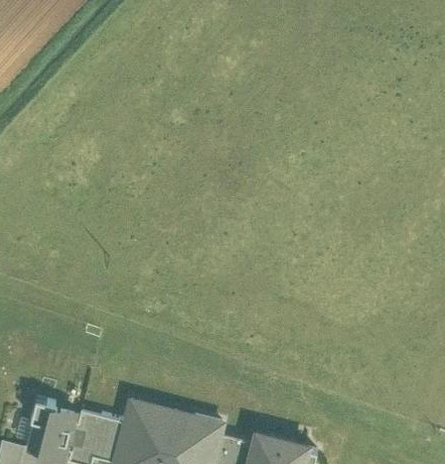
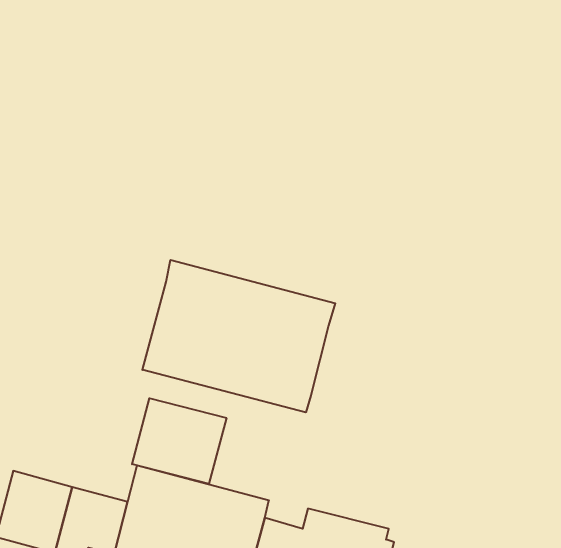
building: none -> [142,260,335,412]
building: none -> [132,398,226,484]

